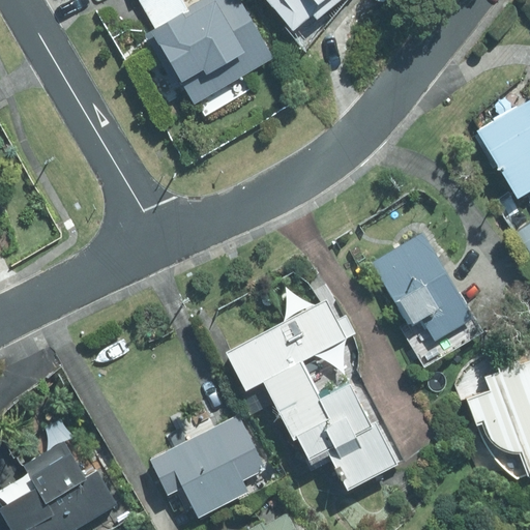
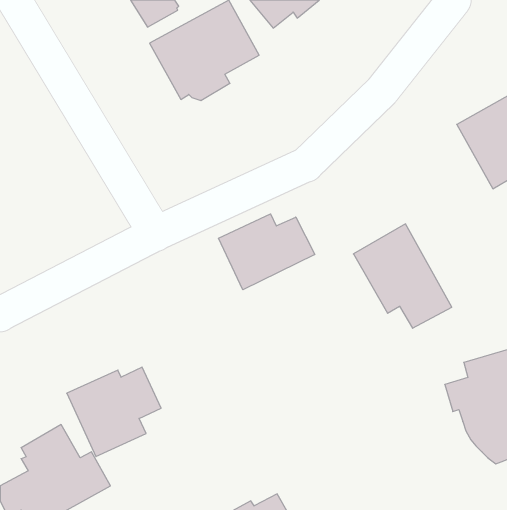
building: none -> [219,214,315,290]
building: [224,294,392,480] -> none
building: [169,420,266,512] -> [67,367,161,457]

